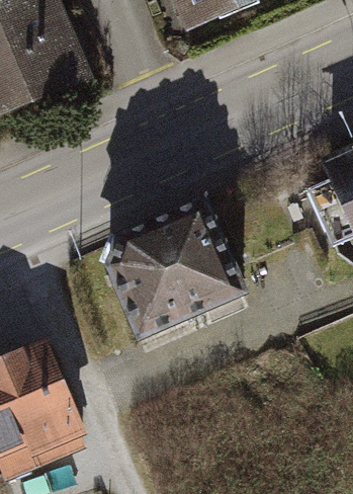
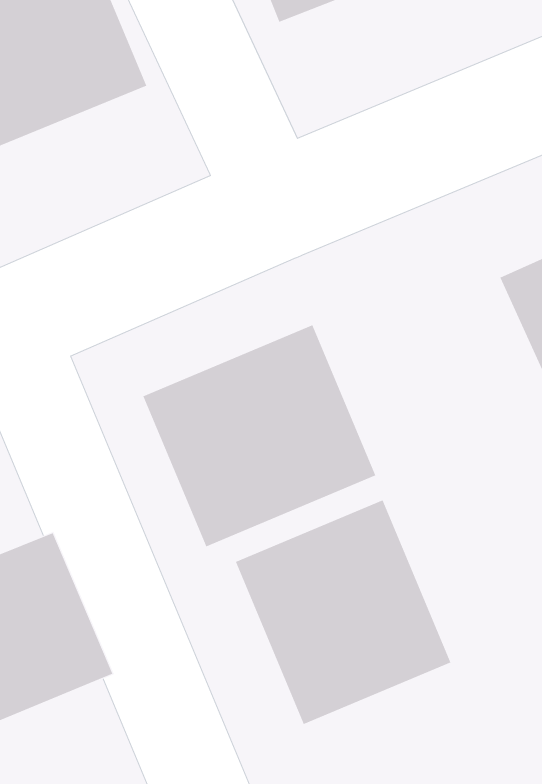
building: none -> [235,500,451,725]

